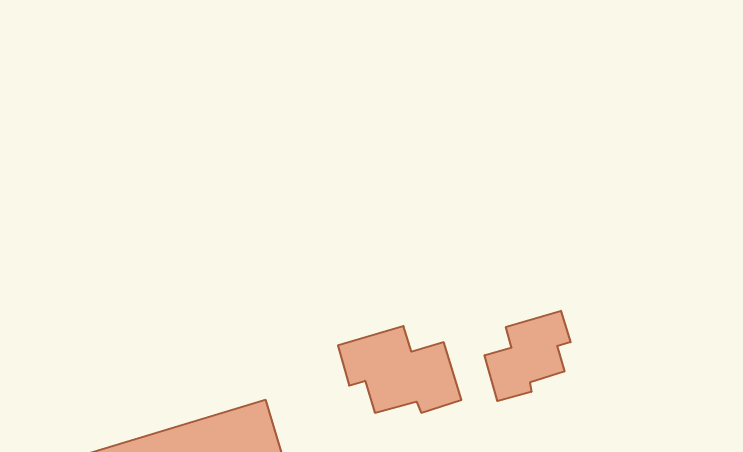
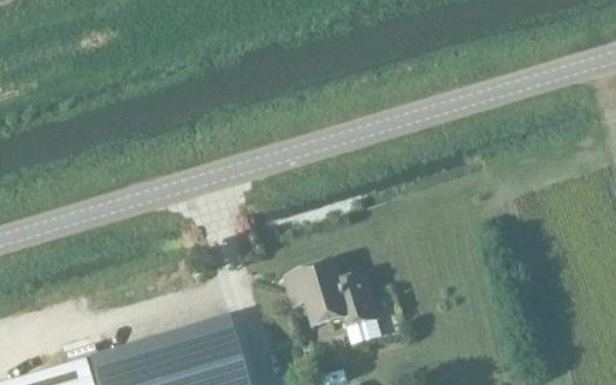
building: [485,311,571,401] -> none

